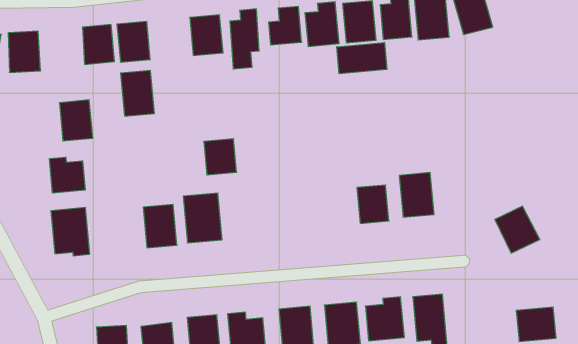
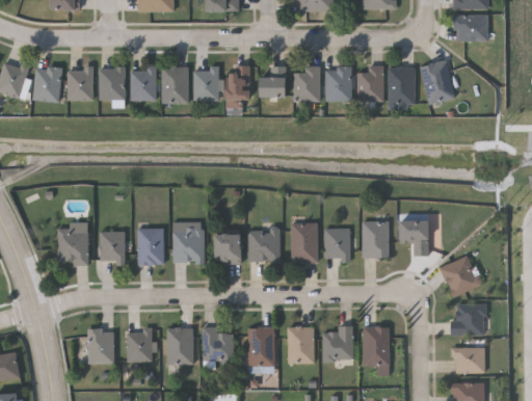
building: [337,42,387,74] -> none
building: [121,70,154,116] -> [162,66,188,104]
building: [59,100,93,141] -> [68,68,94,101]
building: [204,139,237,175] -> [216,233,242,262]
building: [50,157,85,193] -> none
building: none -> [401,219,429,255]
building: none -> [291,222,318,261]
building: none -> [248,229,280,260]
building: none -> [100,230,125,261]
building: none -> [450,303,484,335]

